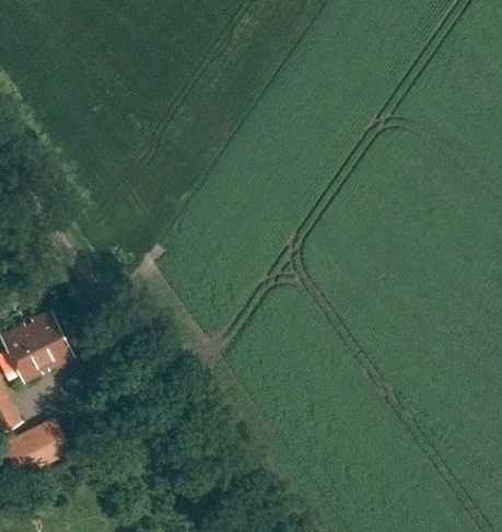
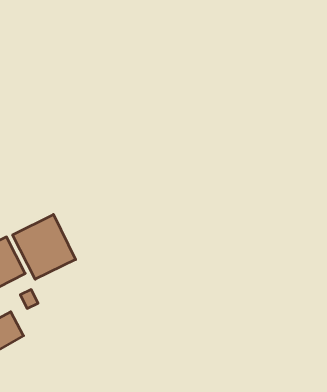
building: none -> [13,214,76,279]

